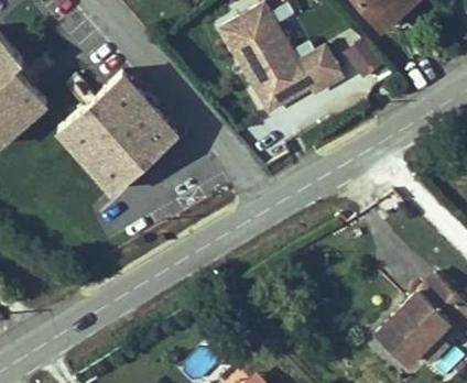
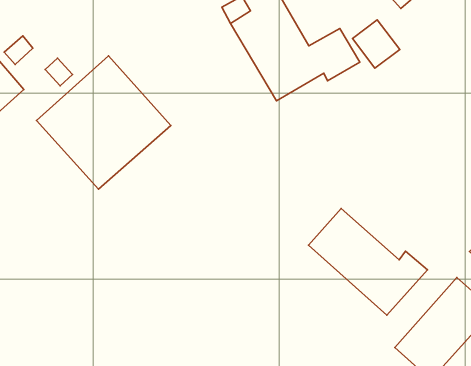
building: none -> [309,209,427,315]

